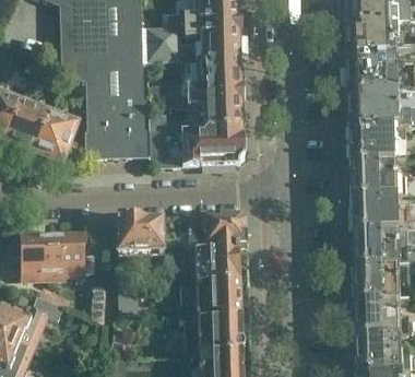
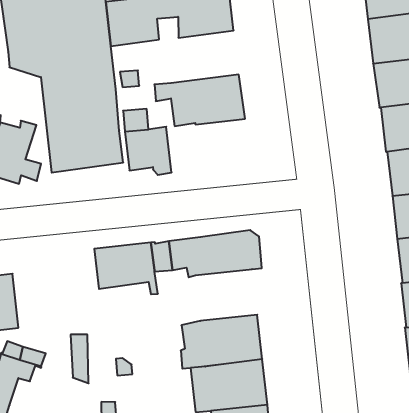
building: [187,57,241,94] -> none
building: [181,127,245,164] -> none
building: [51,232,95,275] -> none
building: [194,245,240,282] -> none

